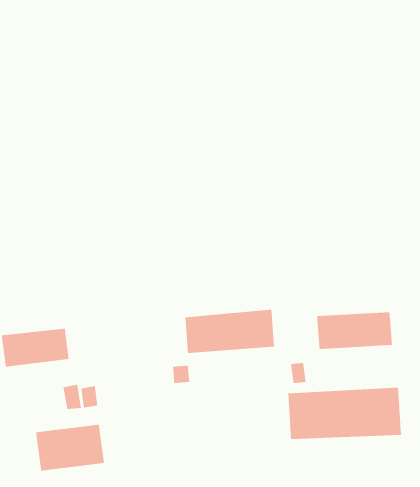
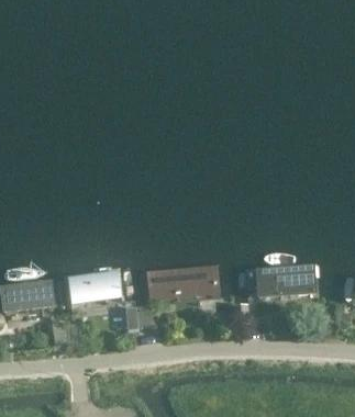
building: [287,387,402,440] -> none
building: [35,424,105,472] -> [68,266,124,304]

